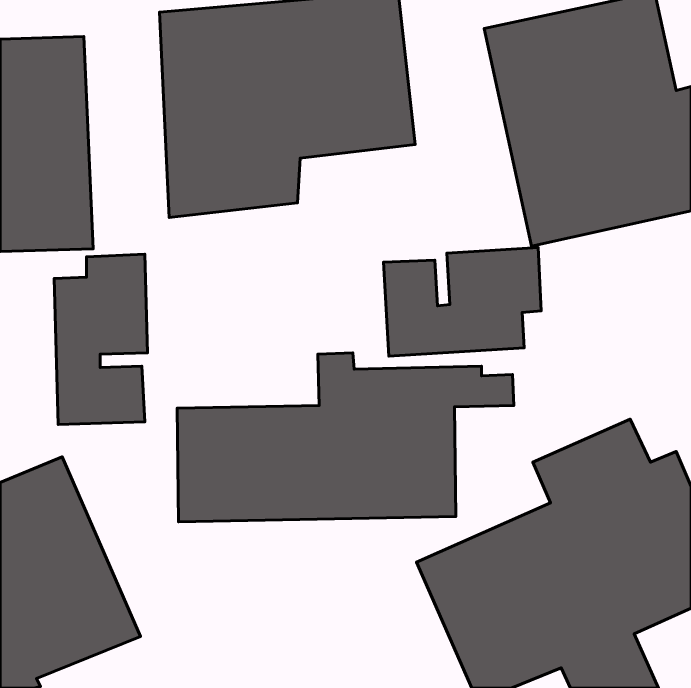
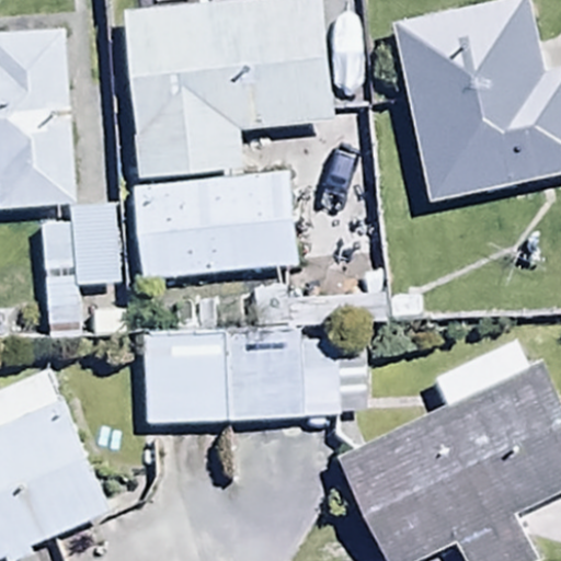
building: none -> [134,176,295,274]
building: [383,247,541,356] -> none

